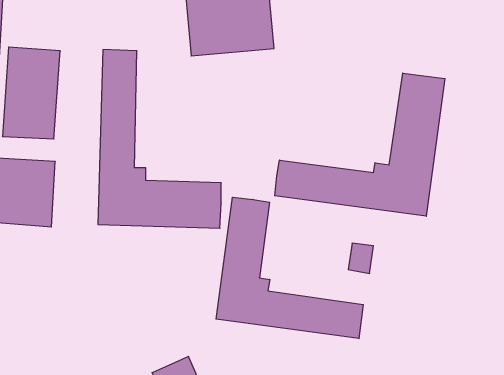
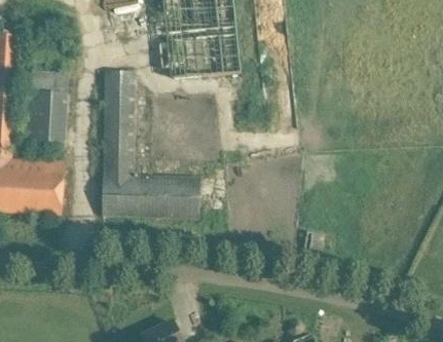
building: [275,73,445,216] -> none
building: [216,197,363,339] -> none

